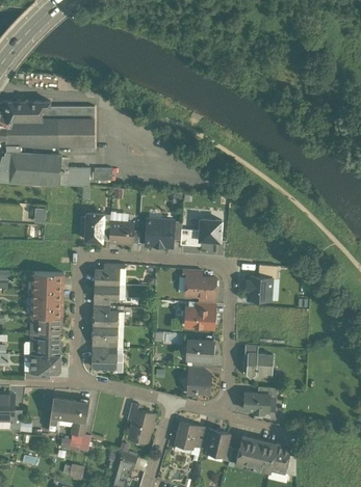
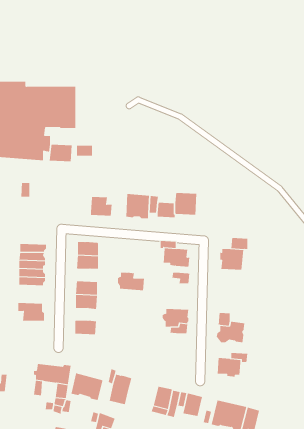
building: [84,213,109,241] -> none
building: [184,308,213,328] -> [117,272,145,291]
building: [31,316,60,335] -> none
building: [30,354,59,373] -> none
building: [187,373,209,393] -> none
building: none -> [70,373,103,401]

